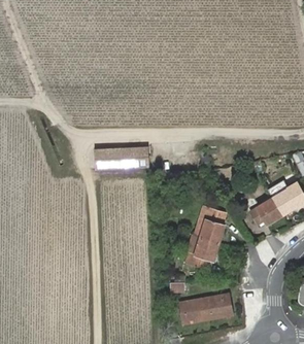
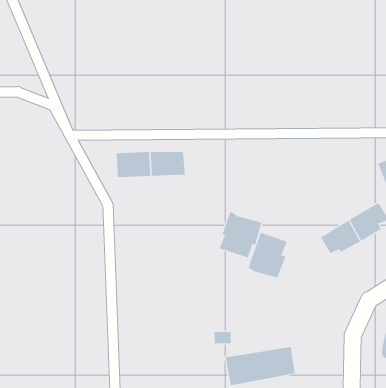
building: [187,234,219,269] -> [219,212,262,258]

